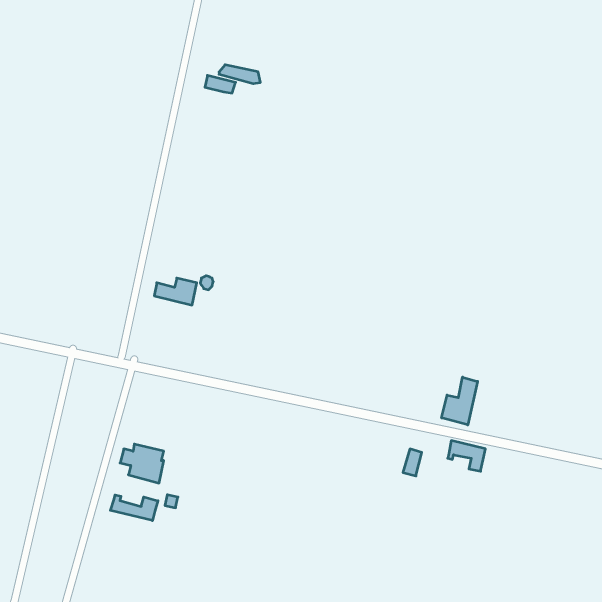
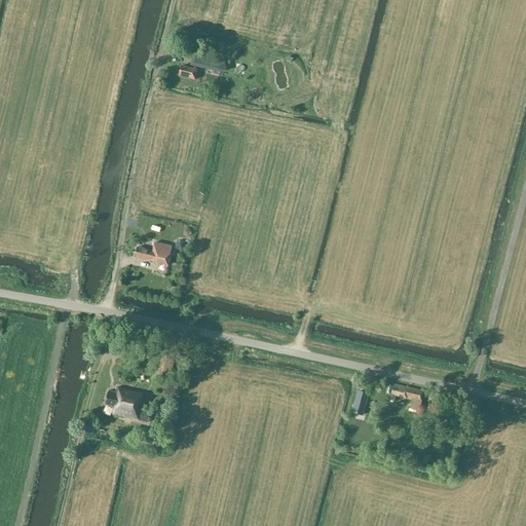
building: [442,377,478,425] -> none
building: [110,495,158,521] -> none

